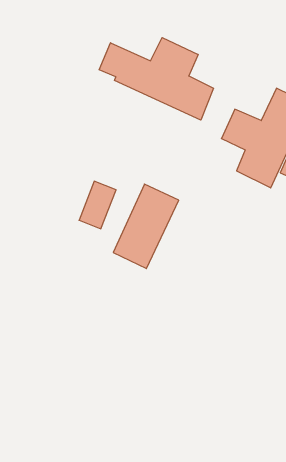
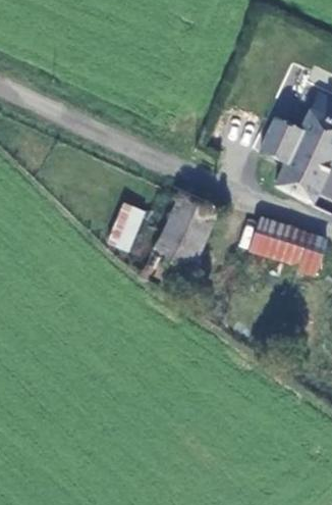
building: [99,38,214,120] -> none
building: none -> [251,217,323,270]

